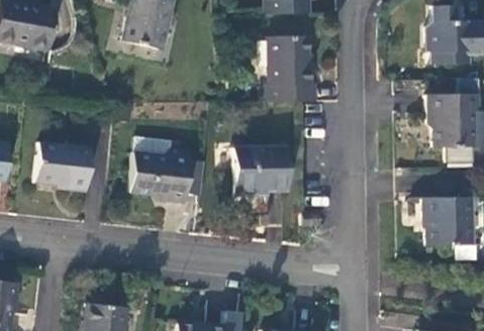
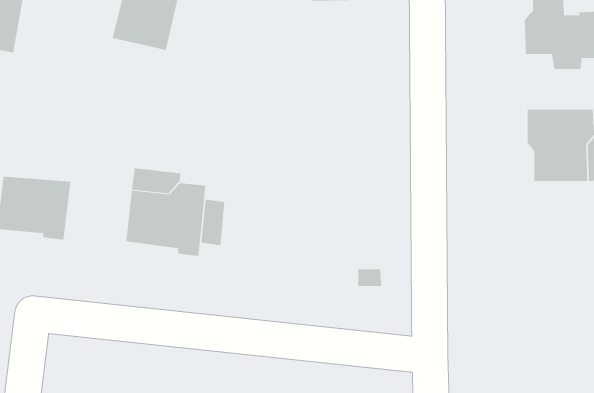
building: [268,37,316,100] -> none
building: [234,146,287,195] -> none
building: [424,197,472,245] -> none

